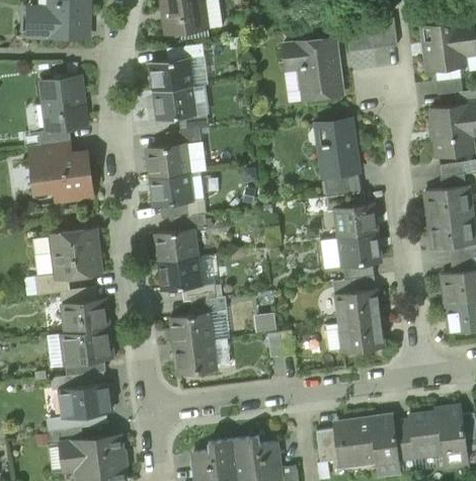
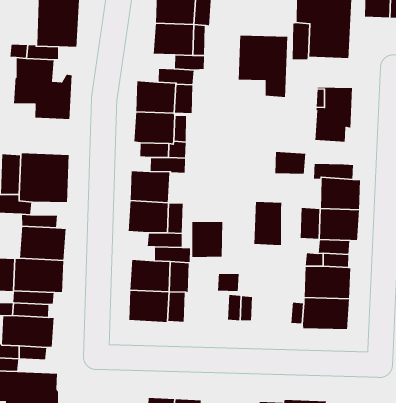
building: none -> [238,35,288,98]
building: [323,172,354,196] -> [274,151,306,175]
building: none -> [254,201,282,246]
building: none -> [191,221,223,258]

